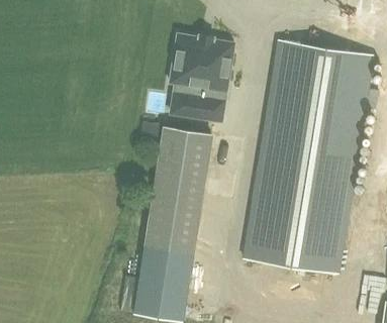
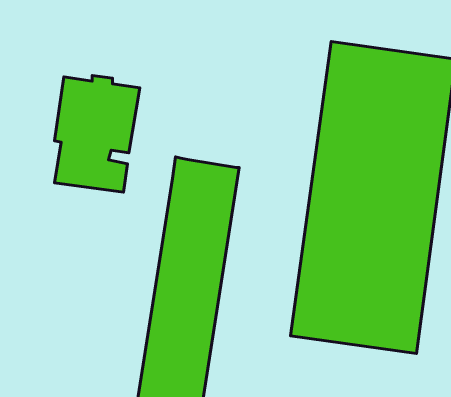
building: [170,34,233,121] -> [54,76,140,192]

